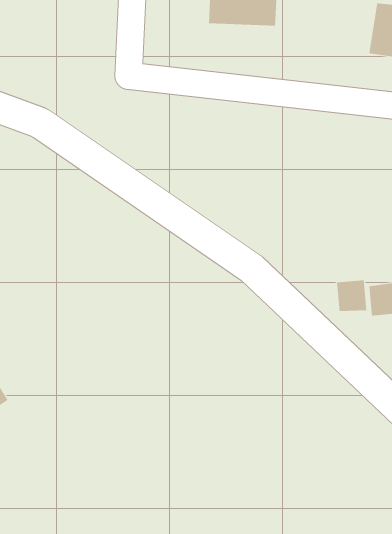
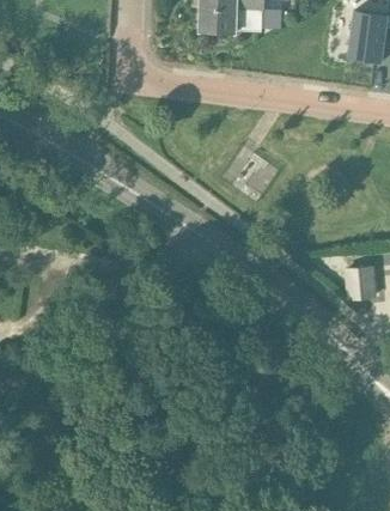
building: [337,280,367,312] -> none

